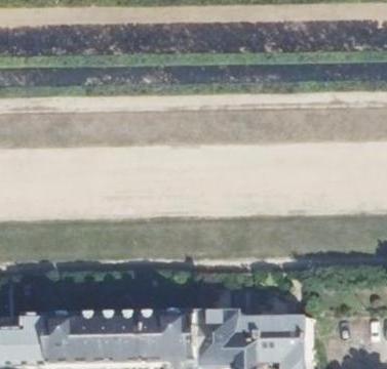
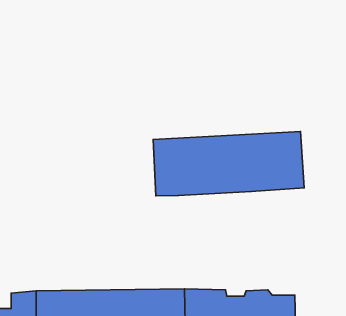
building: none -> [153,132,304,196]

